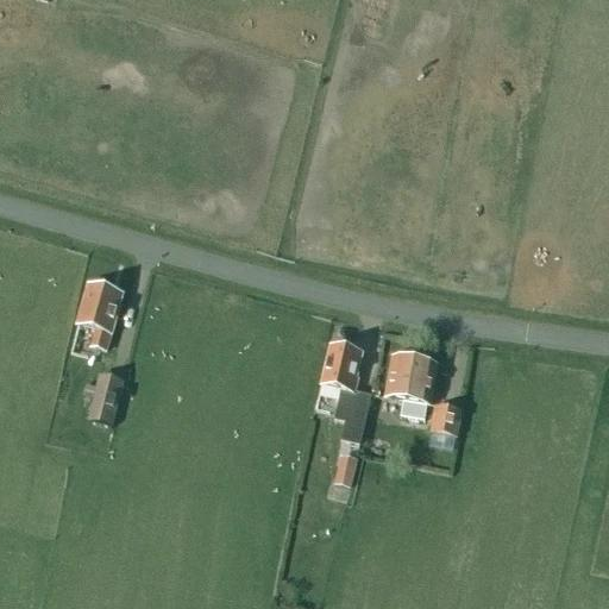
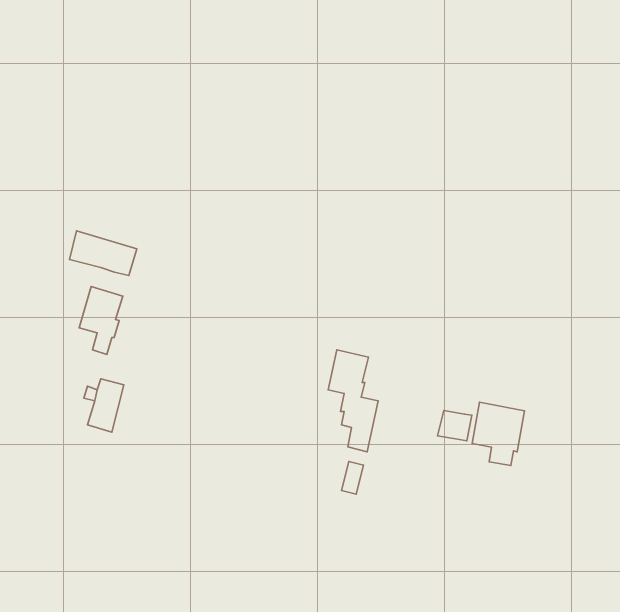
building: none -> [69,231,137,275]
building: [385,353,437,415] -> [472,402,524,465]

